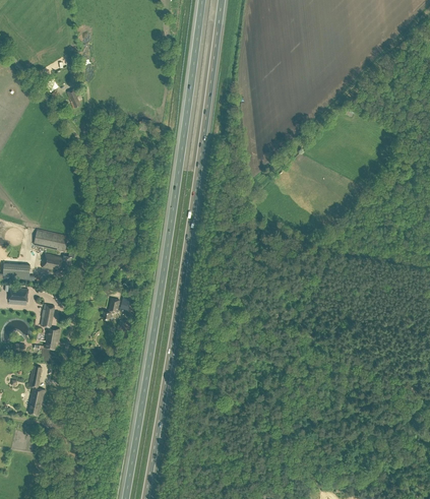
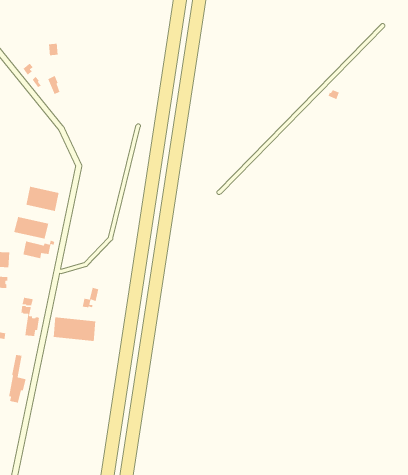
building: none -> [26,186,60,212]
building: none -> [53,317,96,342]

